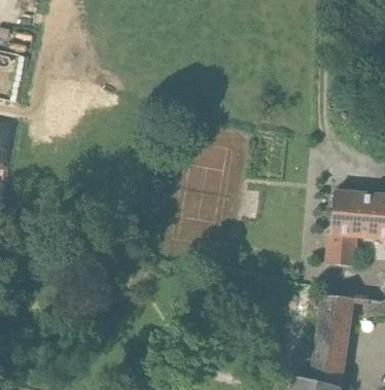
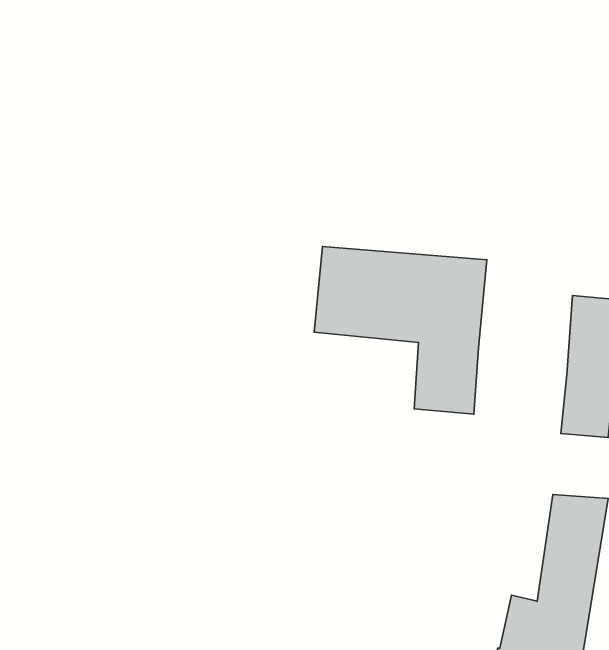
building: none -> [314,246,487,414]

